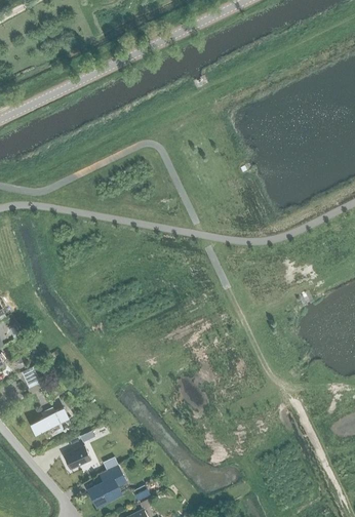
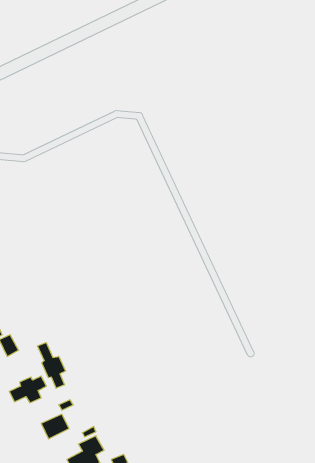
building: none -> [38,343,65,388]

